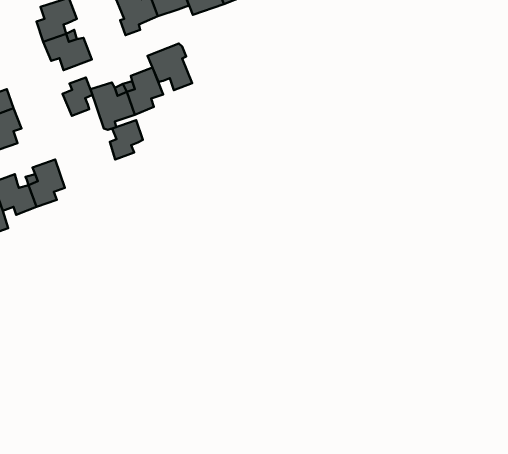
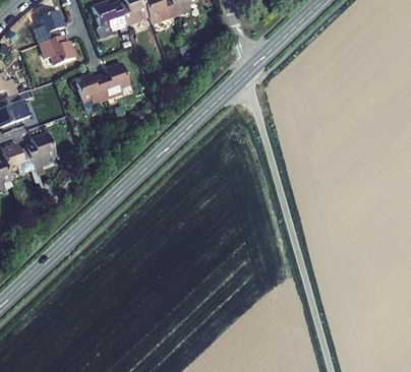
building: [148,43,192,90] -> none
building: [63,78,92,116] -> none
building: [110,120,143,160] -> none

